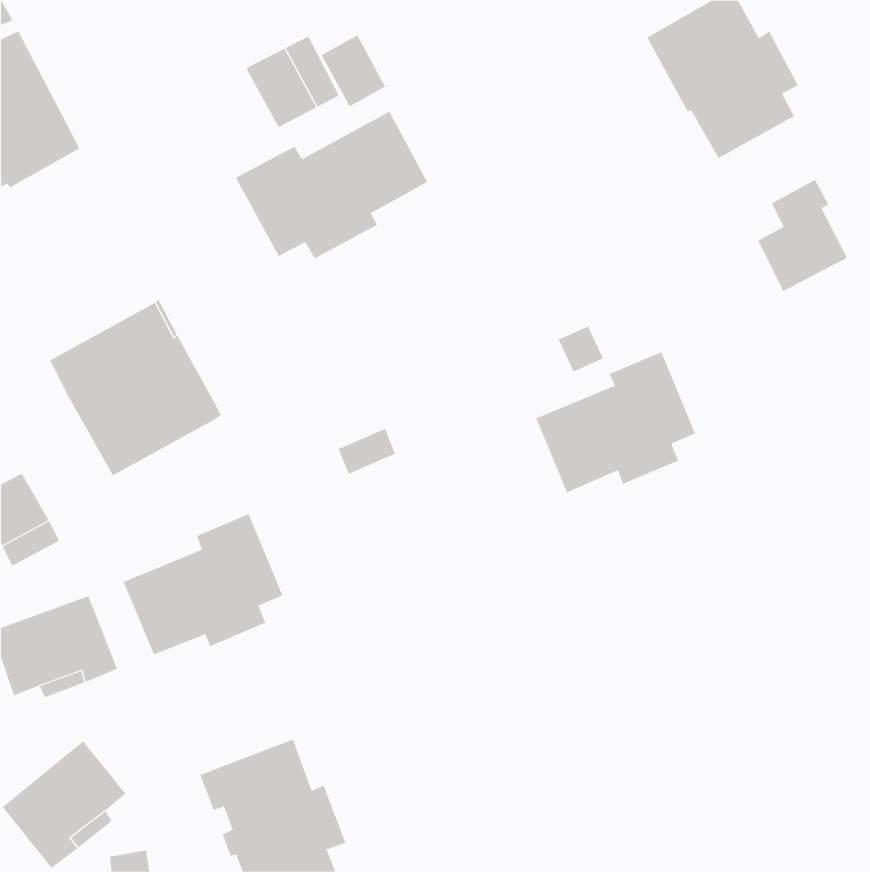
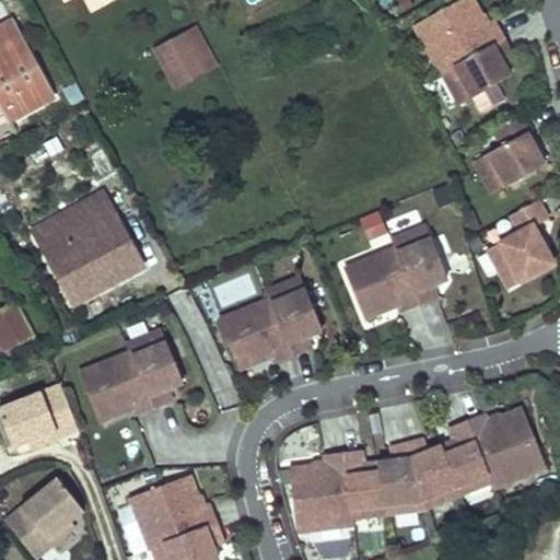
building: [321,34,386,107] -> none
building: [235,111,428,259] -> none
building: none -> [488,201,552,288]
building: none -> [219,277,322,368]
building: none -> [290,407,546,533]

